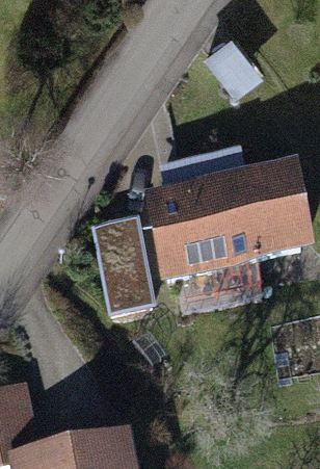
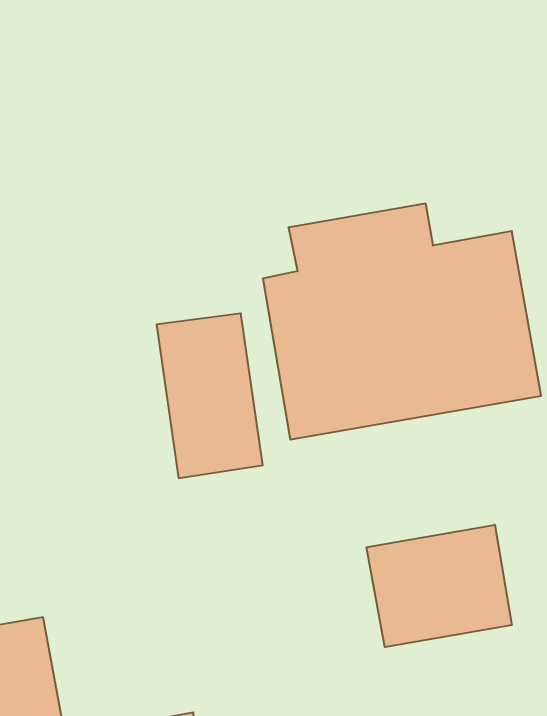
building: none -> [366,525,512,647]

